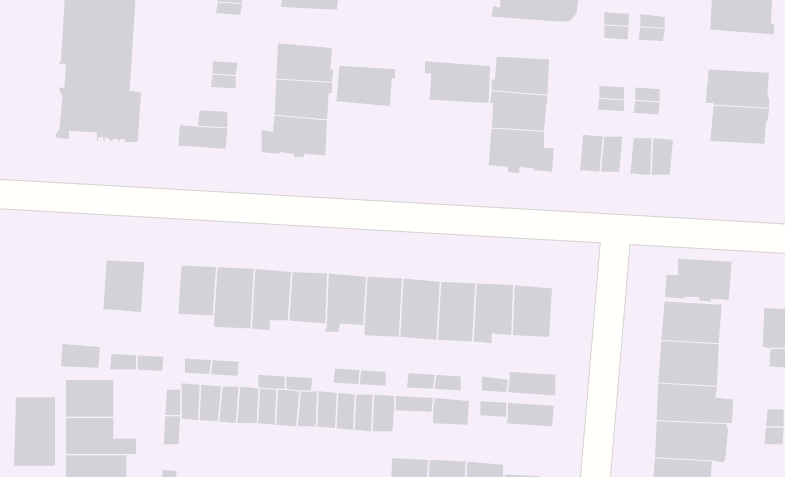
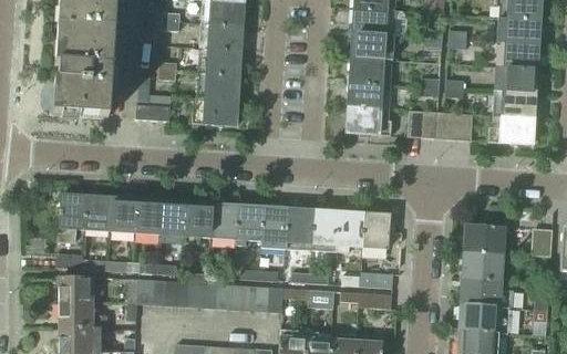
building: none -> [496,41,542,70]
building: [424,61,491,103] -> [349,32,394,61]
building: [335,66,396,106] -> [204,25,245,53]
building: none -> [59,195,87,242]
building: [664,258,733,302] -> [488,116,535,146]
building: none -> [112,198,138,233]
building: [13,397,56,467] -> none

